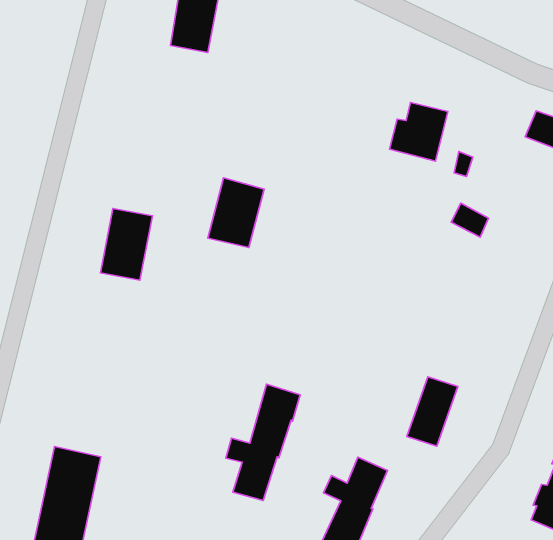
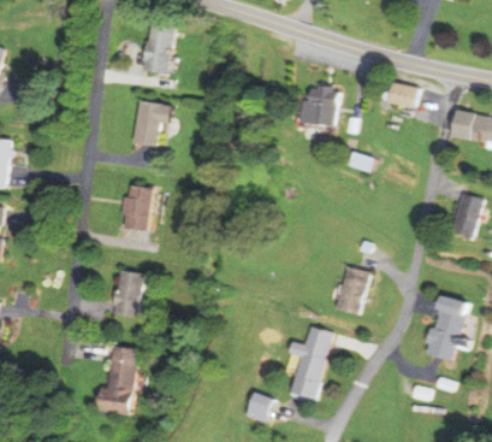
building: [208,178,264,248] -> [135,102,167,146]
building: none -> [114,271,142,317]
building: [226,384,300,501] -> none

